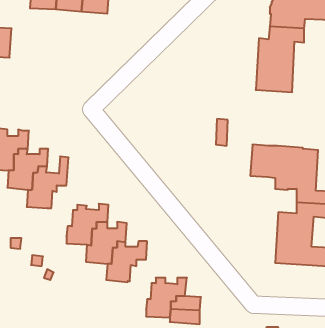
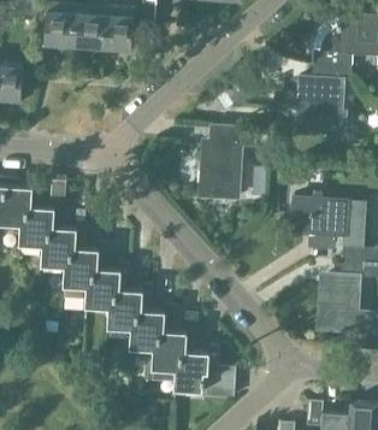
building: none -> [200,126,256,198]
building: none -> [61,242,108,299]
building: none -> [150,311,197,381]

